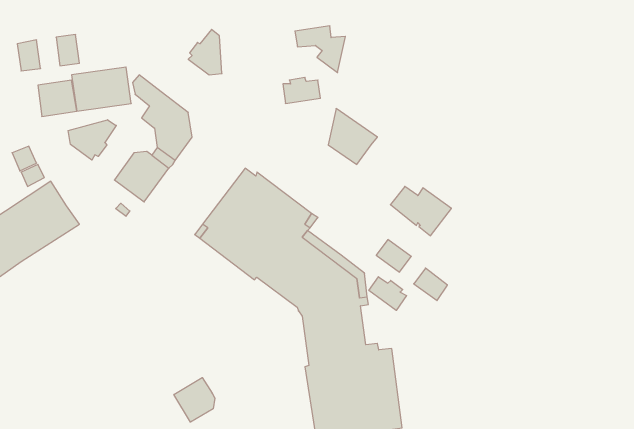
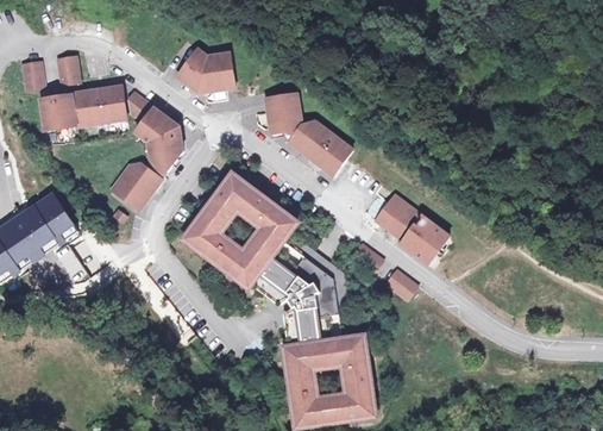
building: [295,26,345,73] -> [268,113,314,156]
building: none -> [207,52,234,90]
building: [68,120,116,160] -> none
building: none -> [402,217,448,264]
building: [369,277,407,310] -> none
building: [174,378,215,422] -> none

